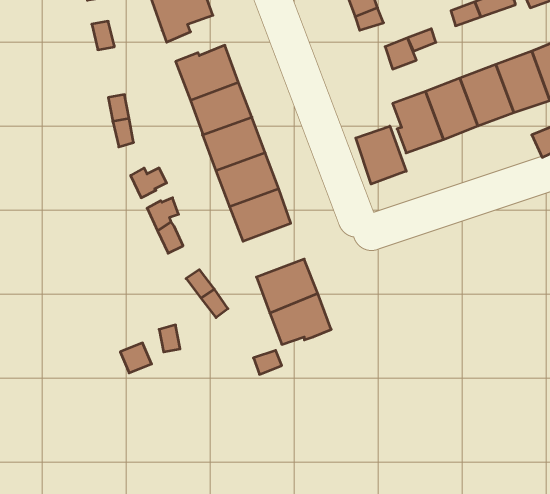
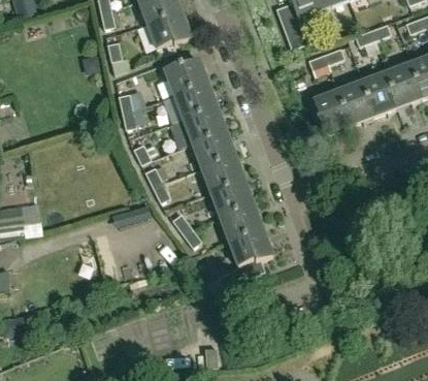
building: [356,126,406,184] -> none
building: none -> [211,182,254,219]

